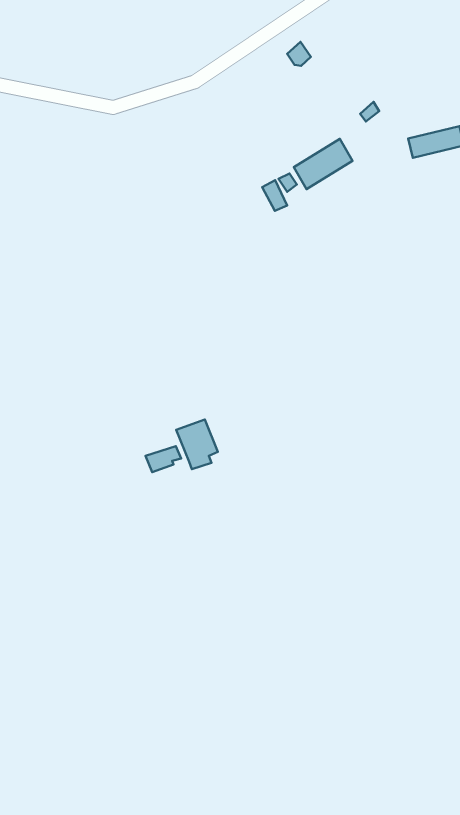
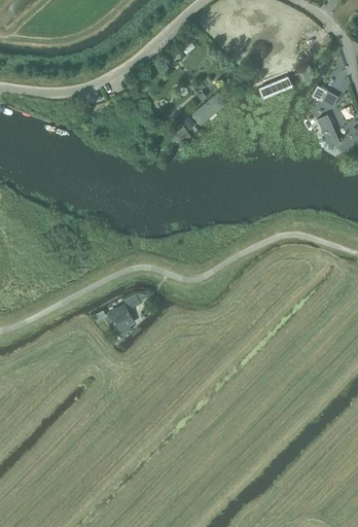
building: [176,420,218,469] -> [107,304,134,335]

